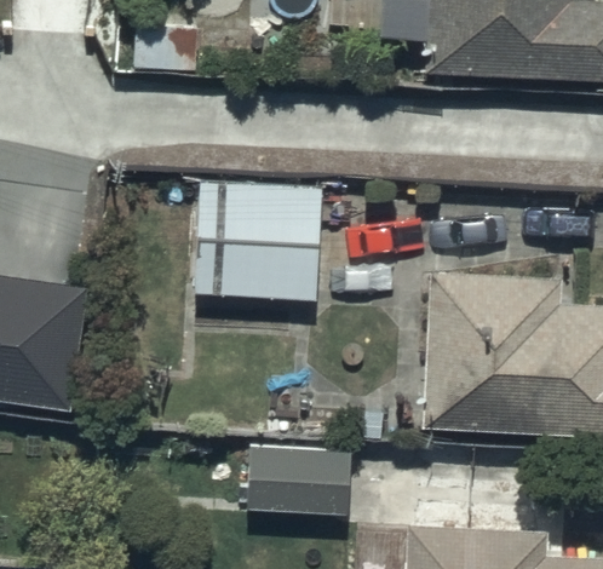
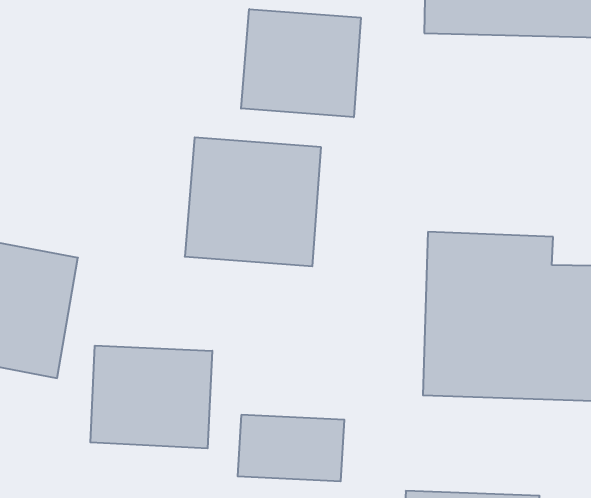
building: none -> [241,9,361,117]
building: none -> [90,346,212,448]

